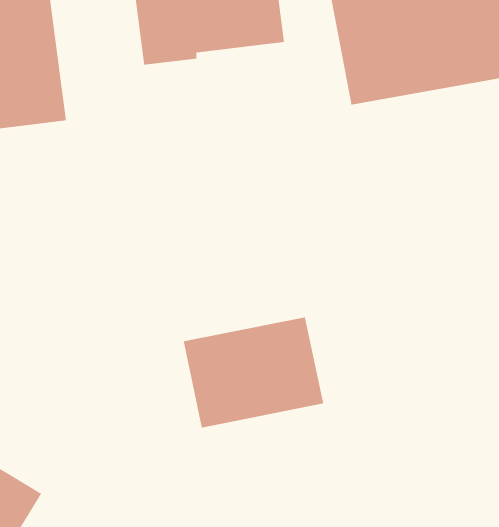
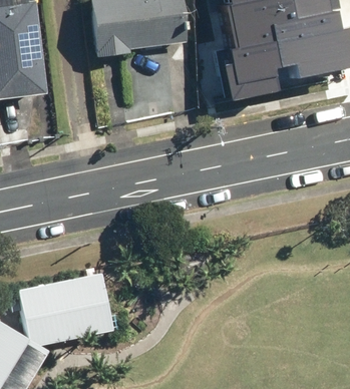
building: [183,316,324,428] -> [21,274,113,347]

